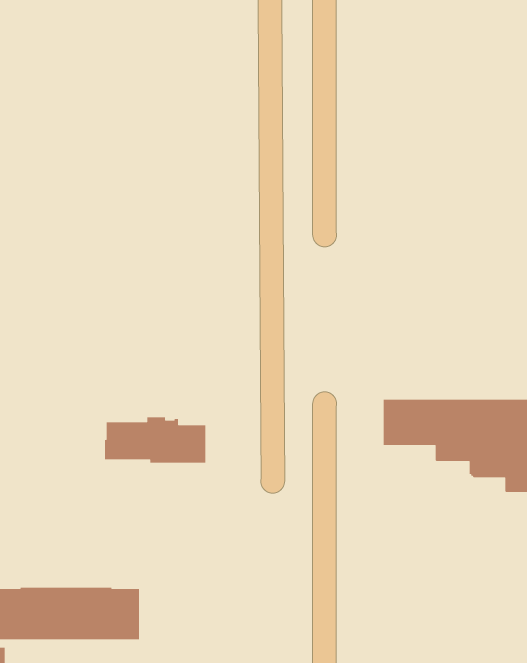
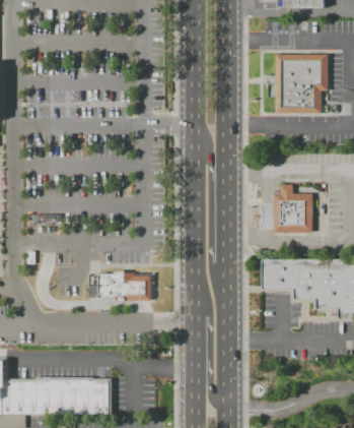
building: none -> [265,55,328,114]
building: none -> [273,185,311,233]

